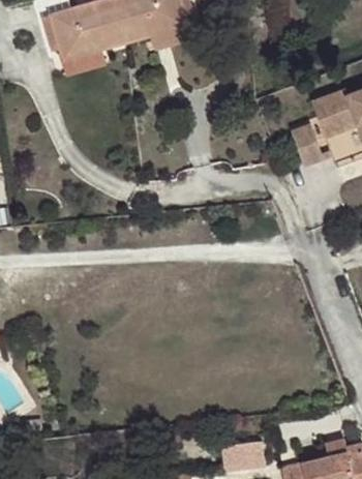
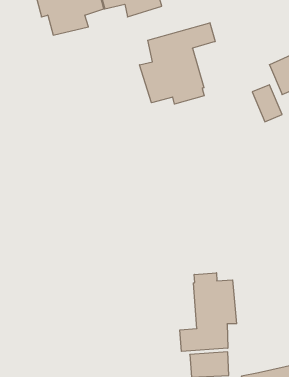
building: none -> [140,23,215,104]
building: none -> [180,273,237,351]

